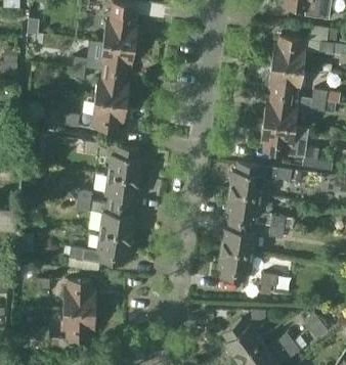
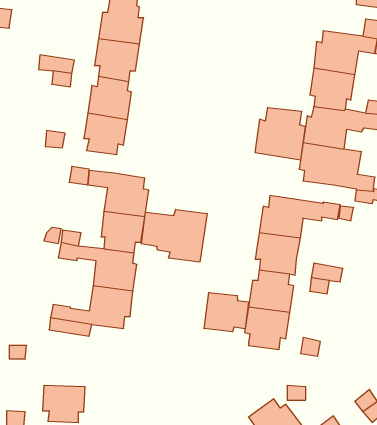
building: none -> [255,107,305,160]
building: none -> [141,209,207,262]
building: none -> [204,292,249,332]
building: [63,279,96,310] -> none

